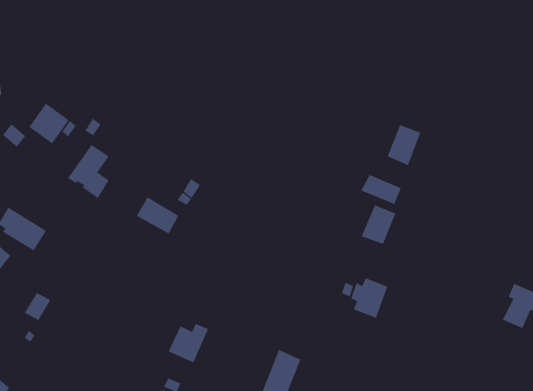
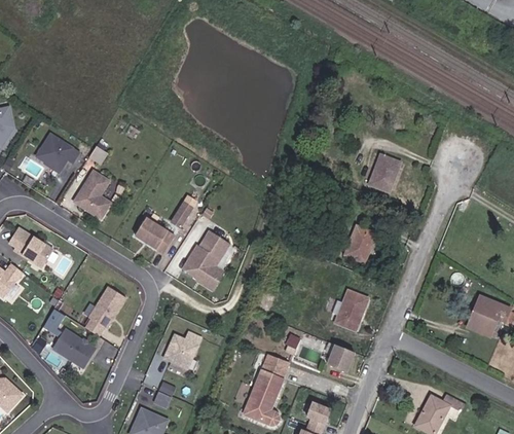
building: [361,174,402,205] -> none
building: none -> [185,231,231,290]
building: none -> [84,285,128,335]
building: none -> [53,328,98,367]
building: none -> [323,343,350,370]

